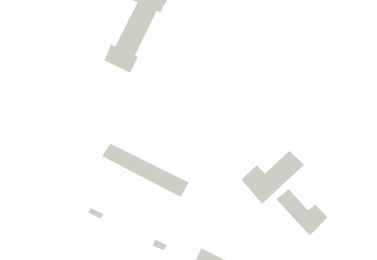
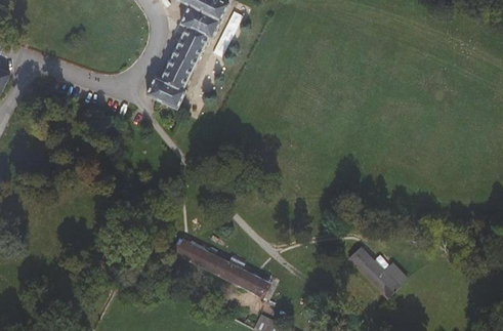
building: [101,143,190,197] -> [169,235,273,298]
building: [240,150,305,205] -> none

